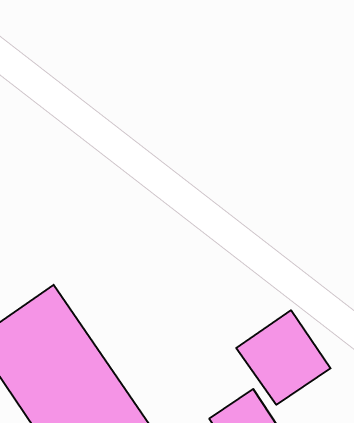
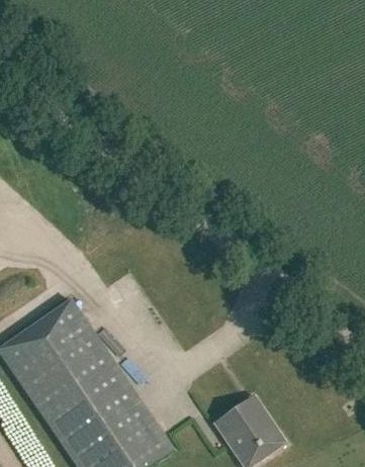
building: [236,310,331,405] -> none

